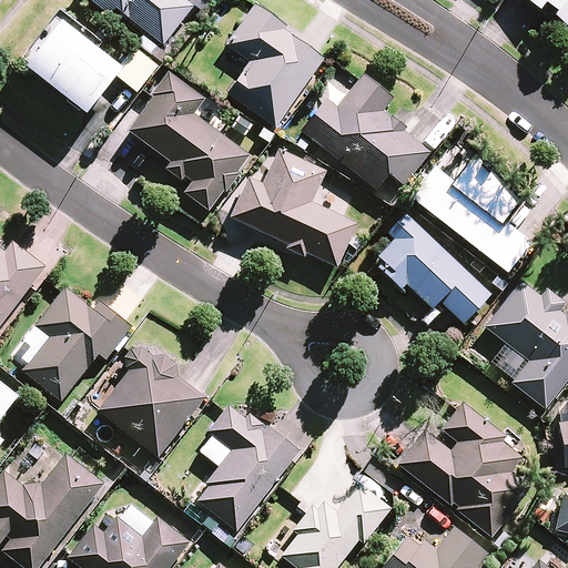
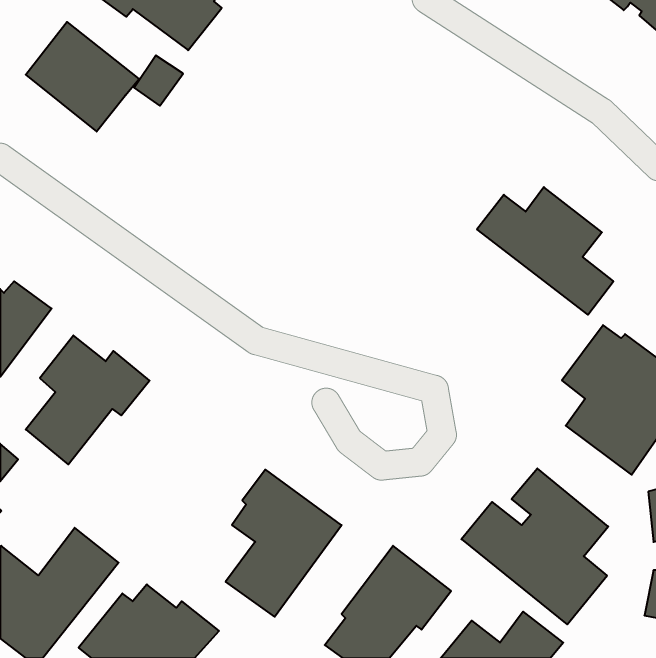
building: [229,4,324,126] -> none
building: [129,74,251,211] -> none
building: [302,77,430,190] -> none
building: [232,150,358,268] -> none
building: [378,213,490,323] -> none
building: [99,348,205,456] -> none

